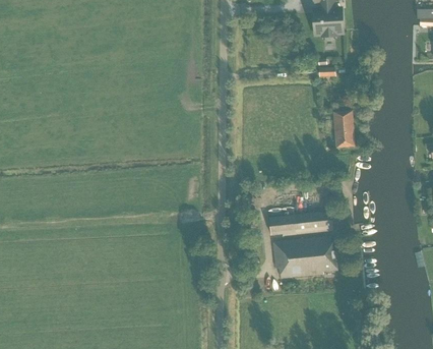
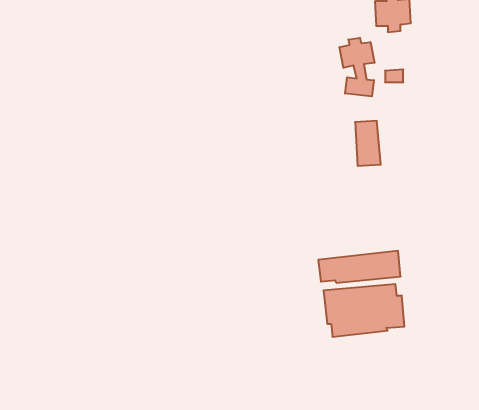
building: none -> [340,38,374,96]
building: [333,112,354,148] -> [355,121,381,166]

